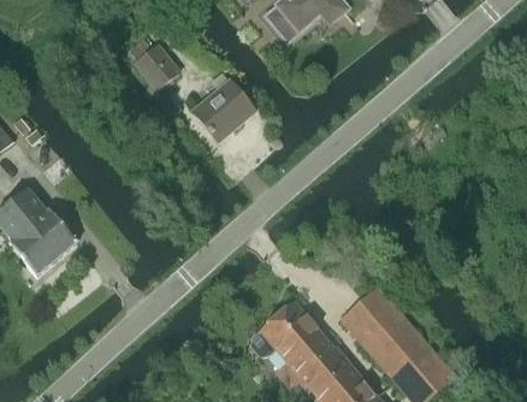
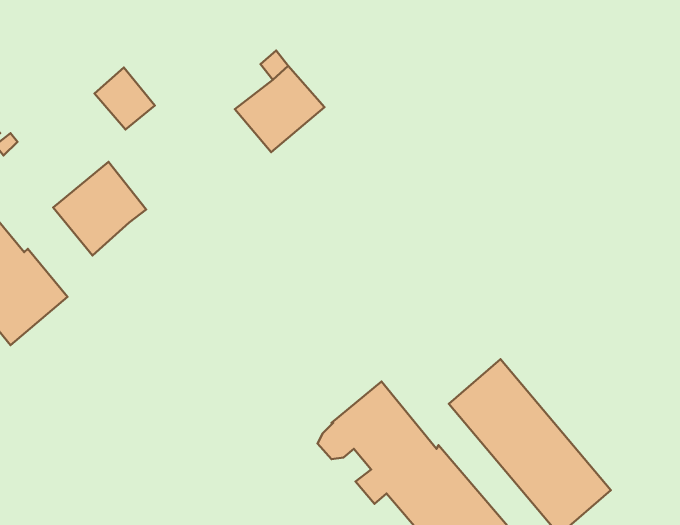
building: [136,45,178,88] -> [95,68,155,130]
building: none -> [53,162,146,255]

